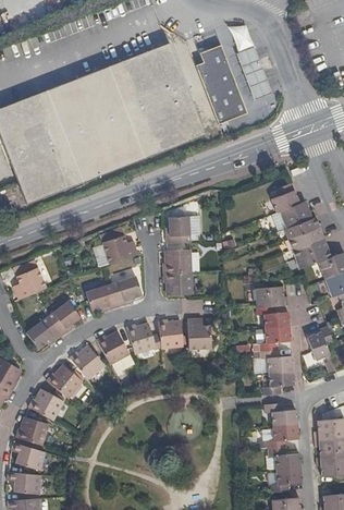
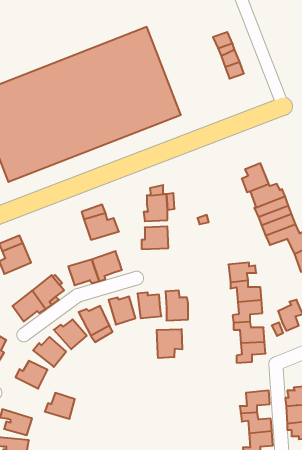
building: [195,40,248,120] -> none
building: [163,272,193,295] -> none
building: none -> [157,329,182,358]
building: [265,402,297,425] -> none
building: [19,417,50,445] -> [45,393,75,419]

